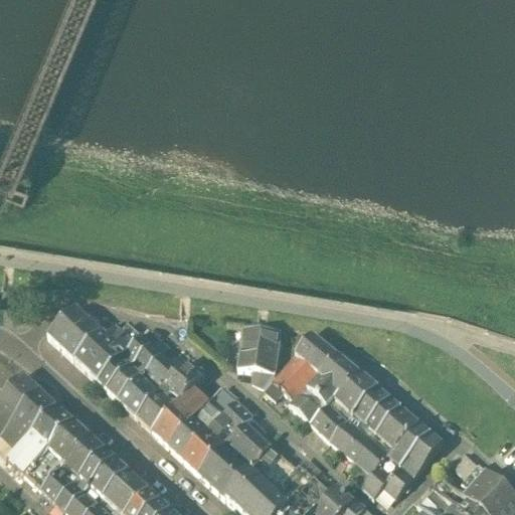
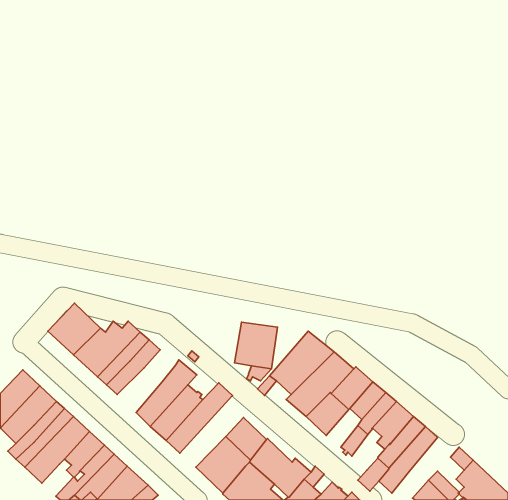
building: [119,354,178,417] -> none
building: [182,400,252,473] -> none
building: [330,413,366,453] -> none
building: [356,440,389,476] -> none
building: [42,470,74,502] -> none

